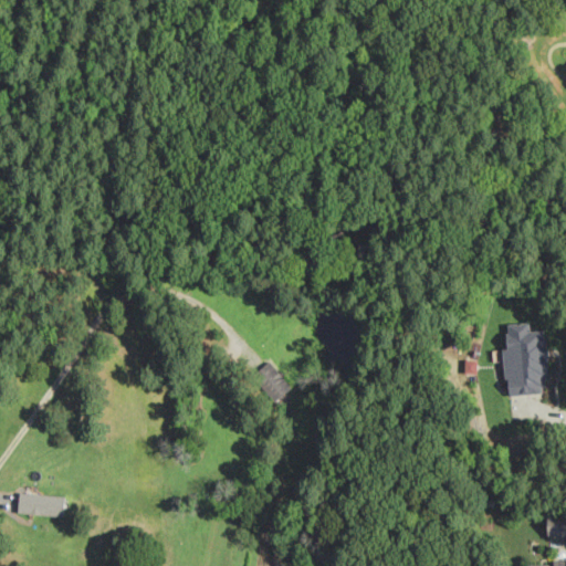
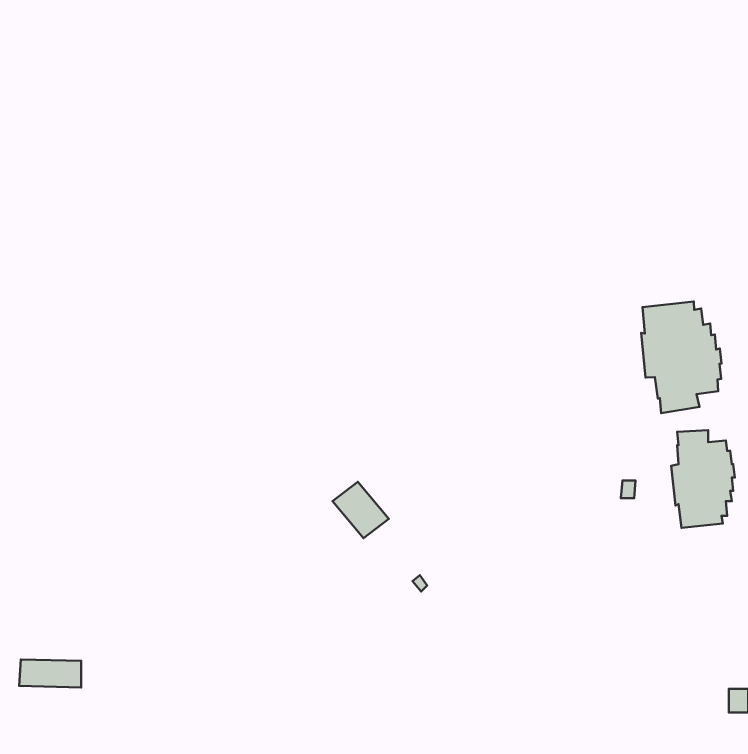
building: none -> [641,302,721,413]

